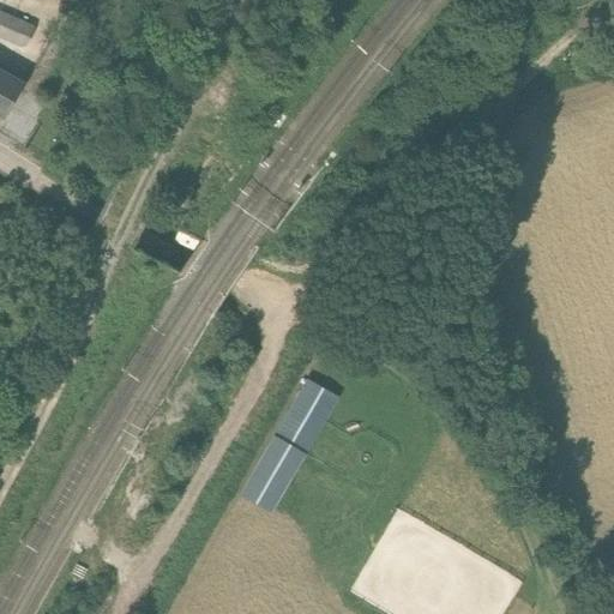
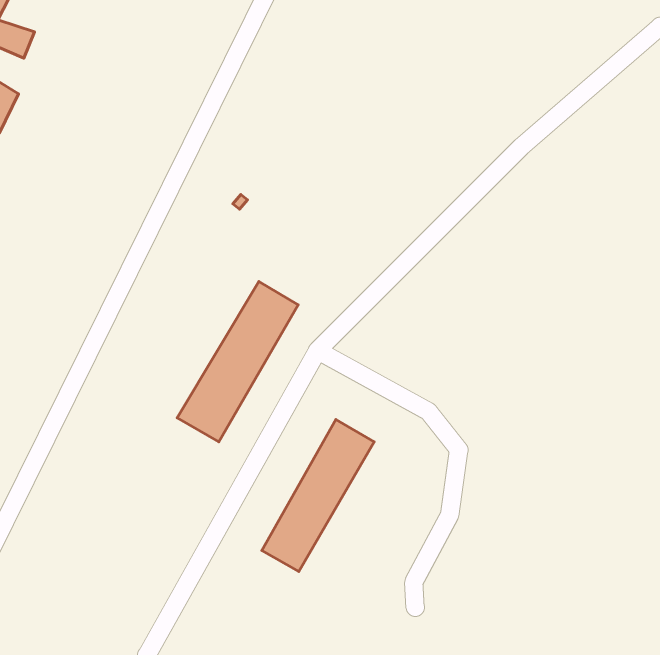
building: none -> [177,282,298,442]

